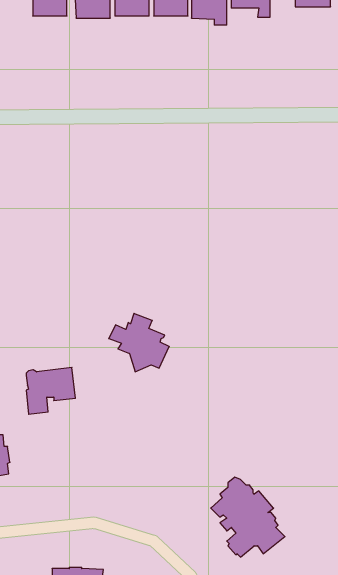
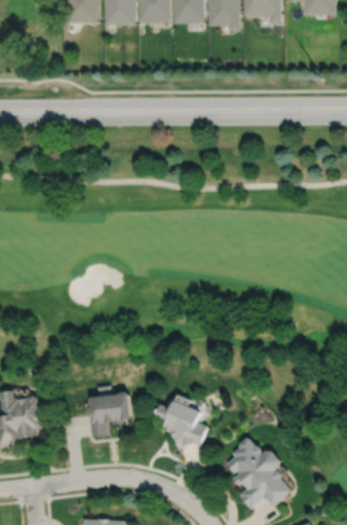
building: [109,313,169,372] -> [154,395,208,447]
building: [26,367,75,414] -> [88,394,132,436]

